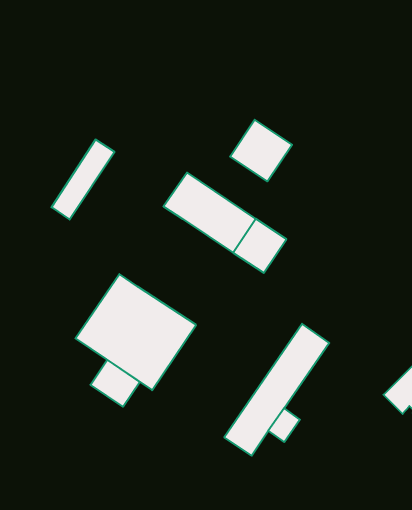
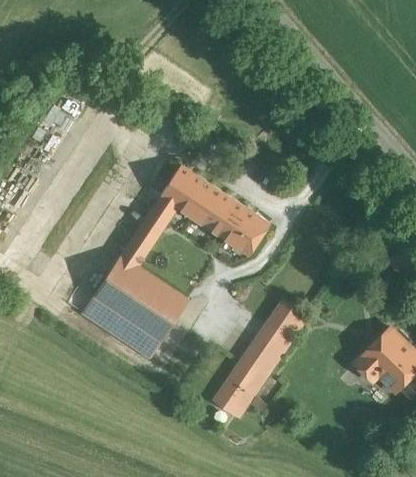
building: [230,120,292,181] -> none
building: [51,140,115,220] -> [120,195,176,266]
building: [90,360,140,407] -> none

